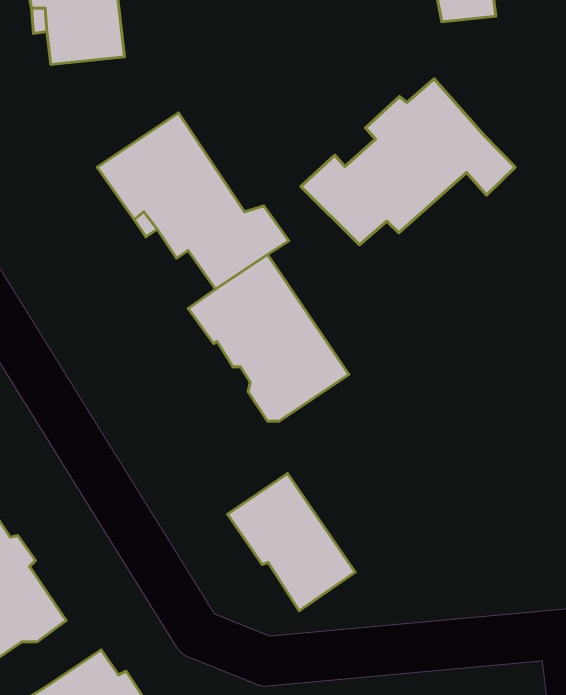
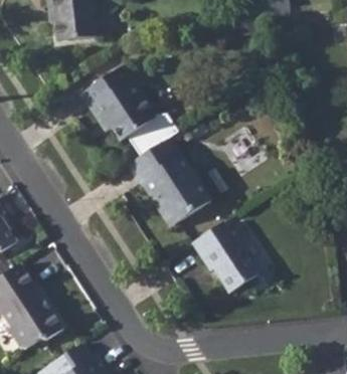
building: [301,79,515,245] -> none
building: [227,473,355,611] -> [191,222,257,294]

